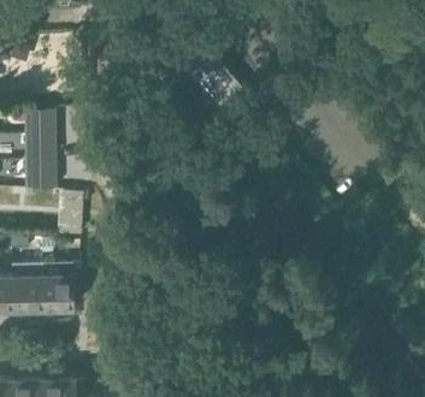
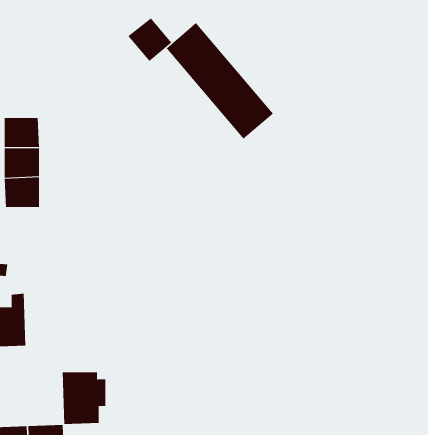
building: none -> [127,18,172,62]
building: [55,191,82,232] -> none
building: [41,262,79,308] -> [62,372,106,424]

